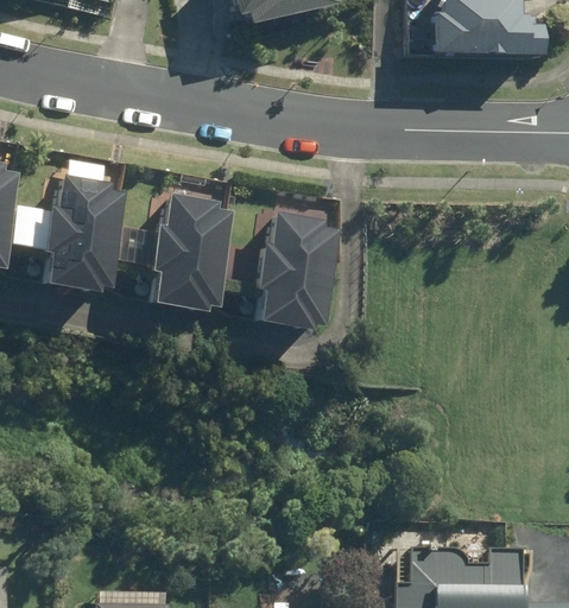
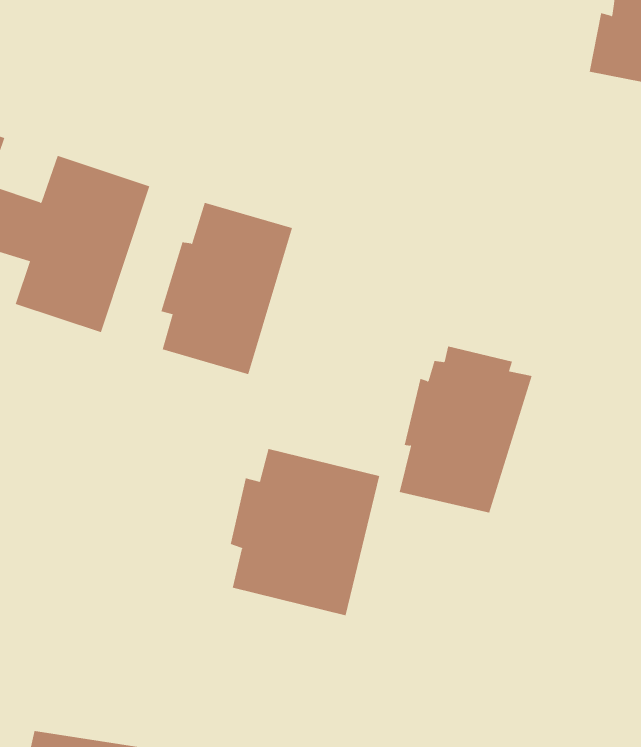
building: [254,214,340,330] -> [399,346,532,513]
building: none -> [230,448,380,616]

